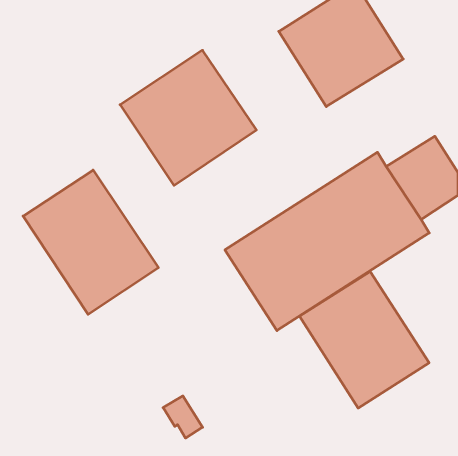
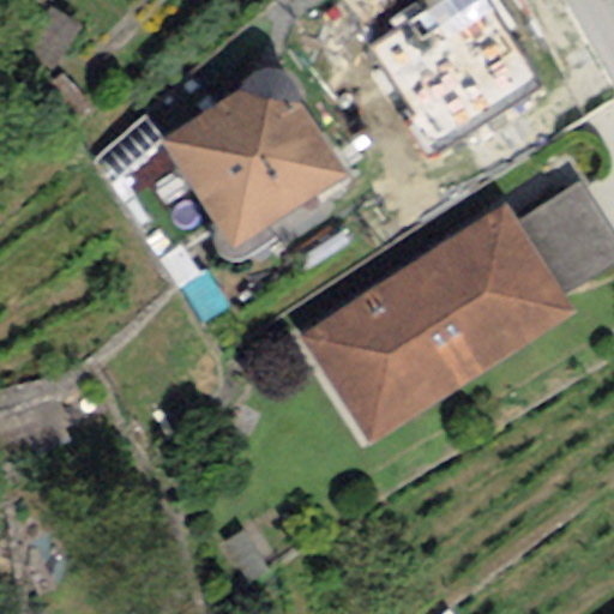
building: [23,170,158,314] -> none
building: [300,271,429,408] -> none

